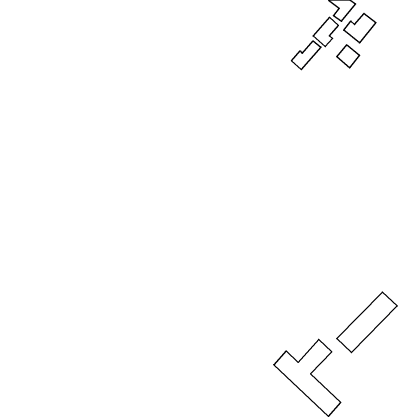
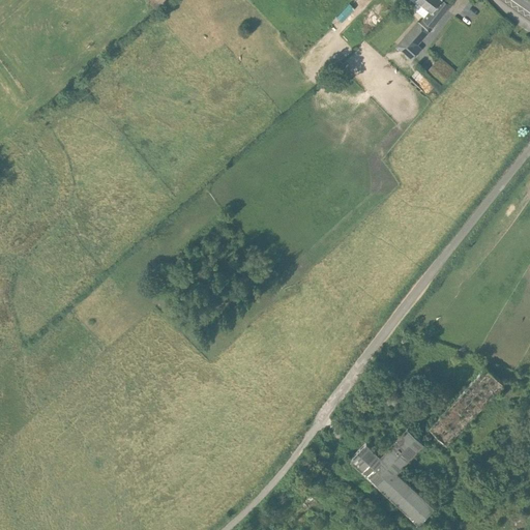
building: [344,13,376,43] -> none
building: [292,41,321,70] -> none

